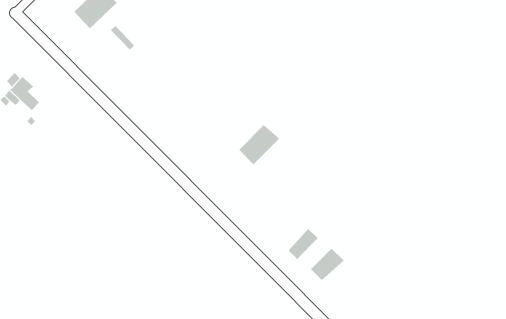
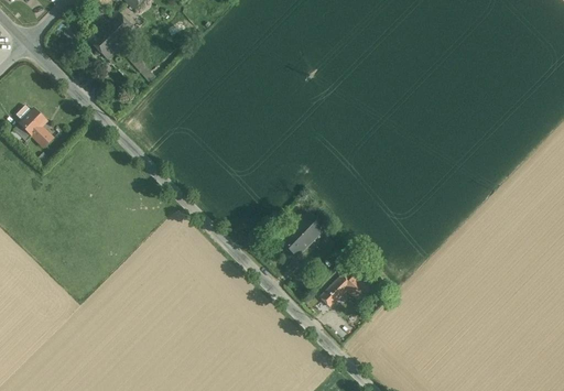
building: [238,124,280,165] -> [281,213,326,257]
building: [310,248,344,281] -> none

